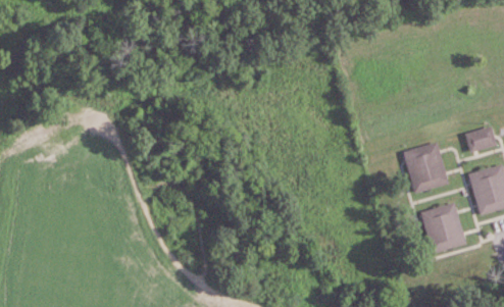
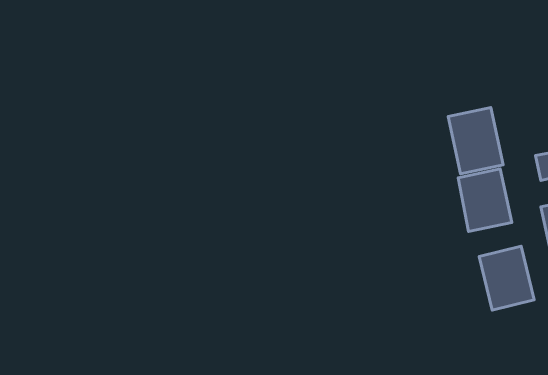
building: none -> [448,108,503,174]

